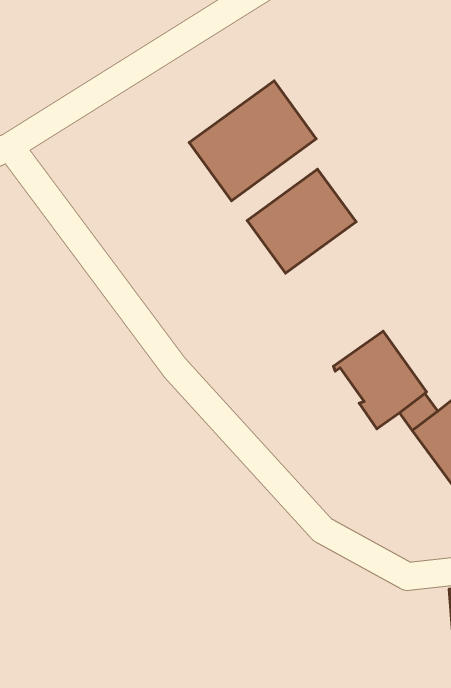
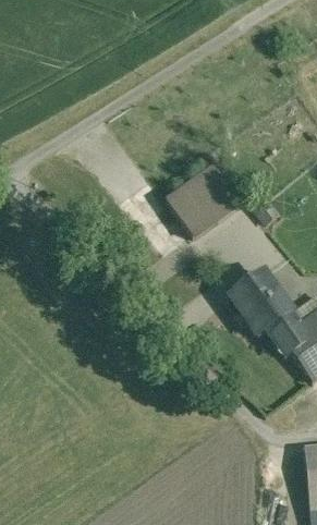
building: [189,81,316,201] -> none

